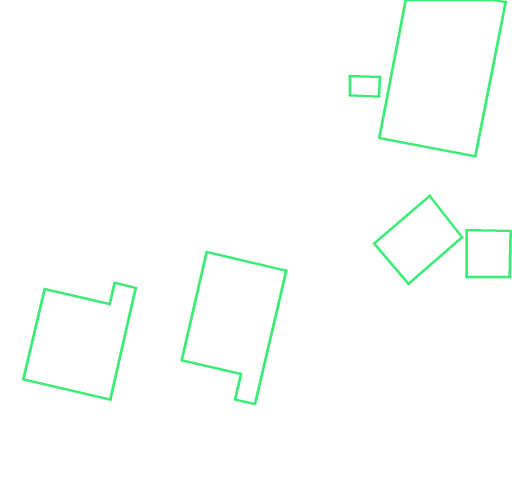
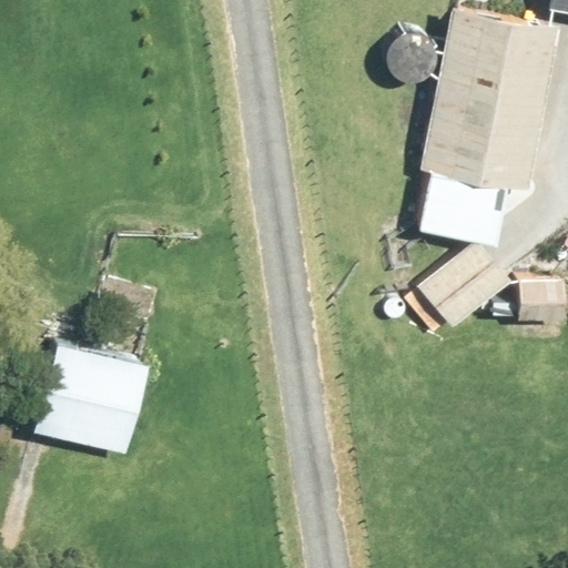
building: [182,252,286,404] -> none

